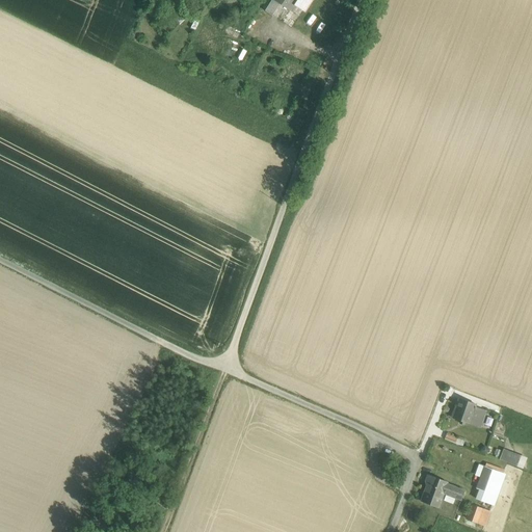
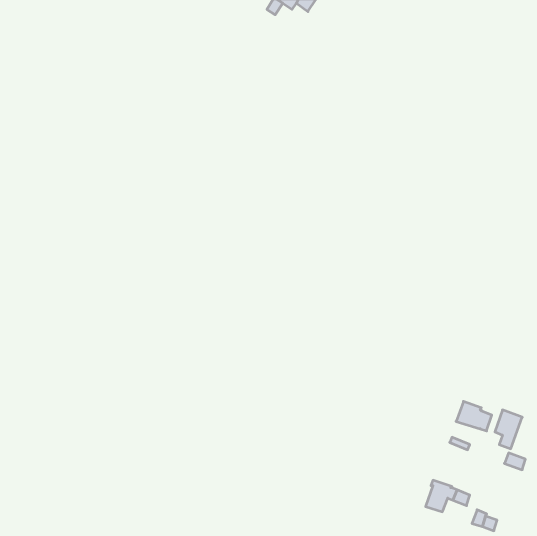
building: [477,466,504,504] -> [495,410,522,449]

